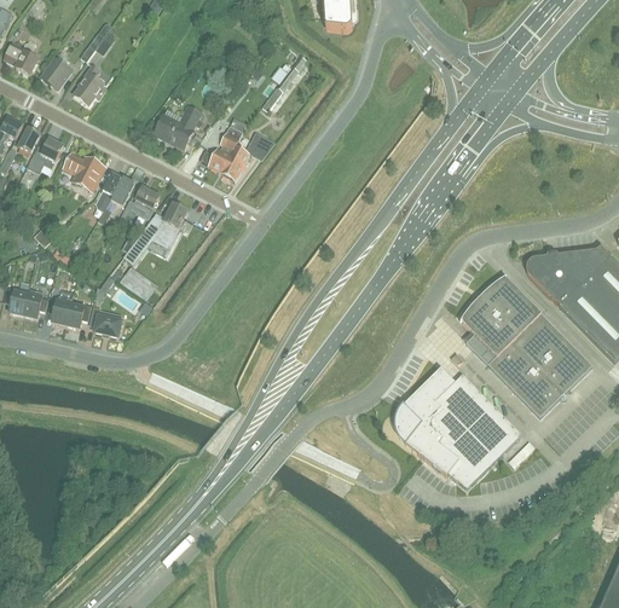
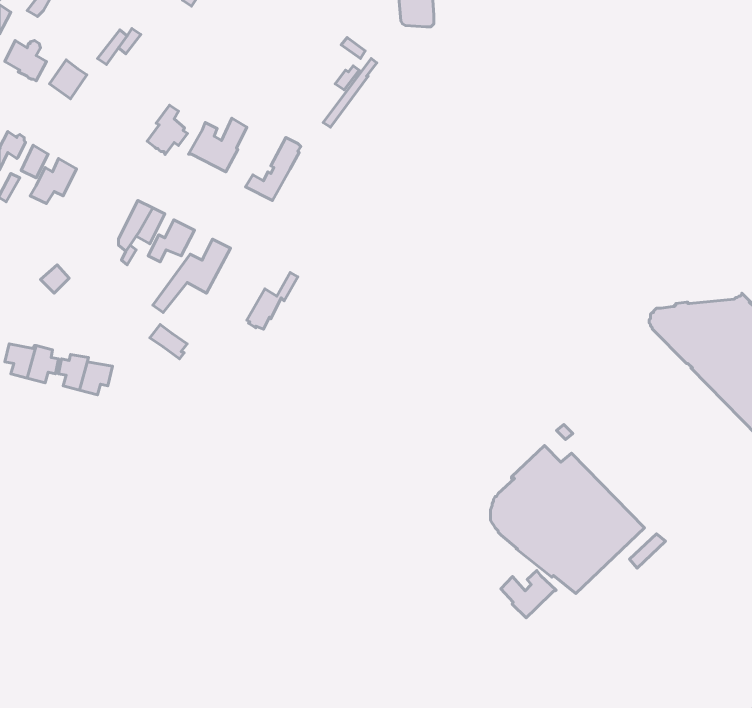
building: [74,65,106,105] -> [147,105,188,155]
building: [221,132,262,178] -> [247,272,298,329]
building: [64,154,105,189] -> none
building: [461,276,592,417] -> none
building: [91,306,122,336] -> none
building: none -> [501,571,556,618]

